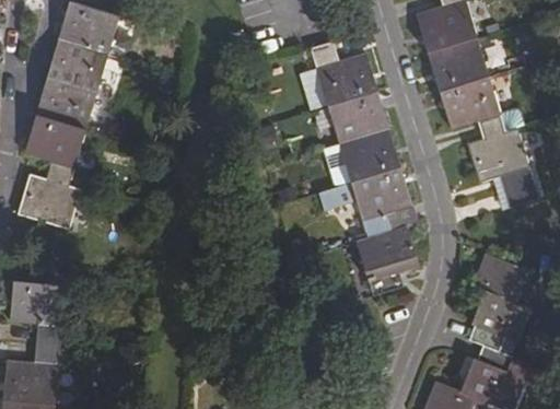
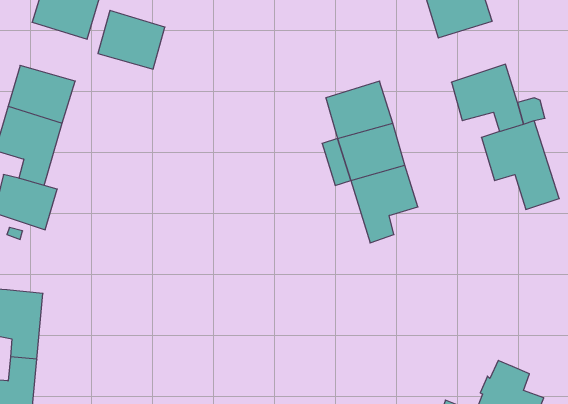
building: [429,36,490,92] -> none
building: [47,37,108,91] -> [98,10,165,69]
building: [307,40,375,106] -> none
building: [355,226,417,292] -> none
building: [468,253,528,351] -> none

